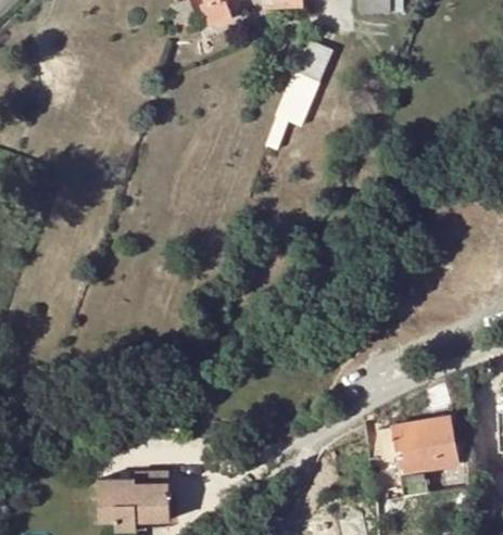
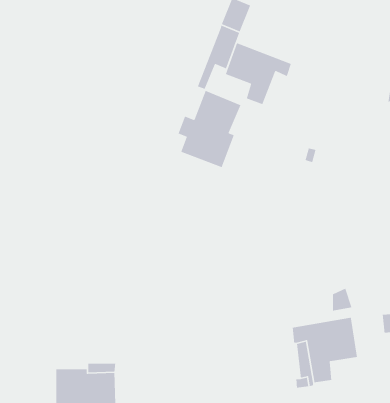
building: none -> [225,42,292,105]
building: none -> [178,90,242,168]

